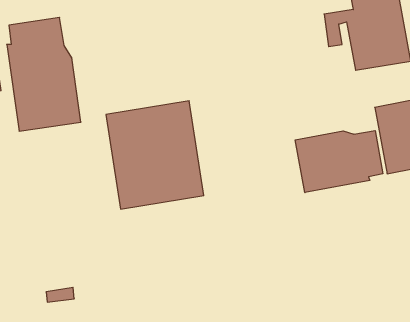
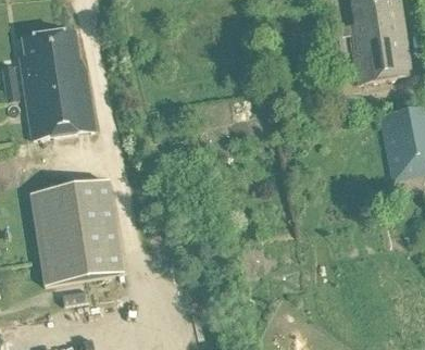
building: [106,101,204,209] -> [29,179,124,284]
building: [295,131,383,193] -> none

